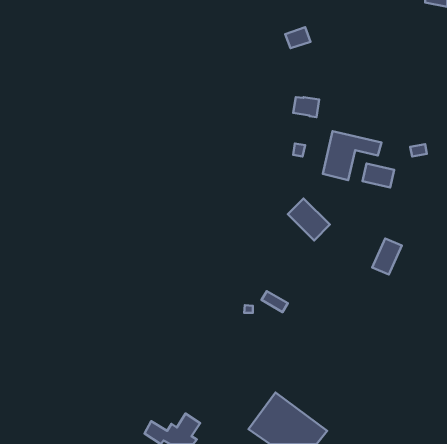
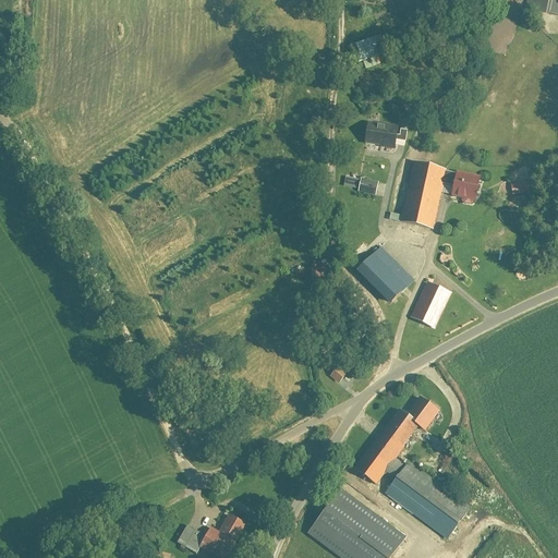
building: [363,163,394,187] -> none
building: [372,239,402,274] -> [412,284,449,329]
building: none -> [356,396,466,536]

